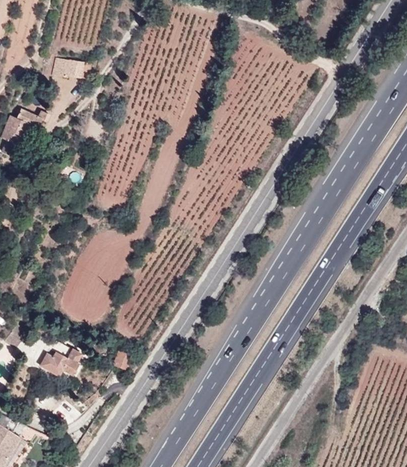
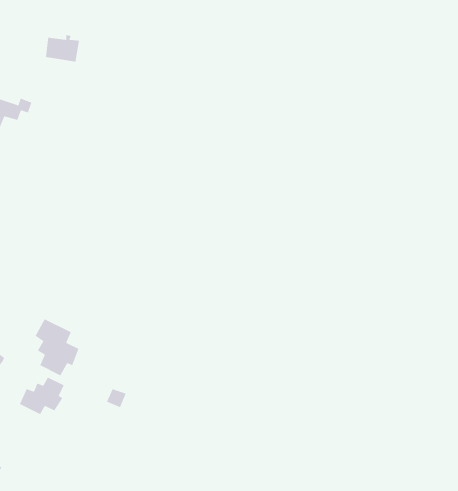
building: none -> [35,318,79,376]

